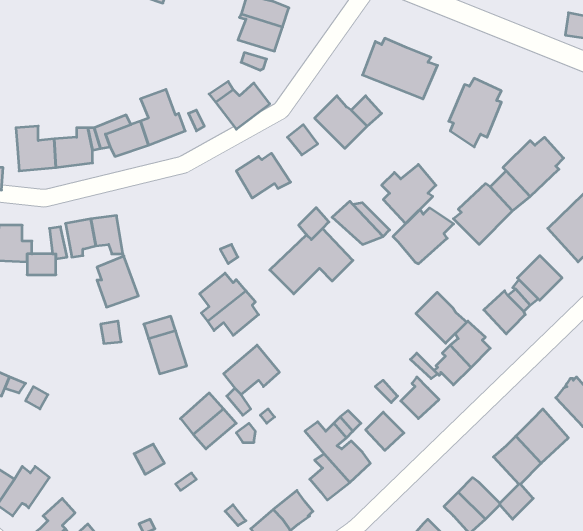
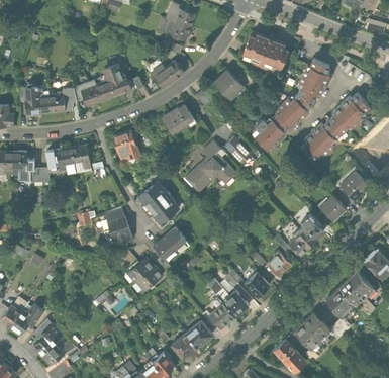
building: [393,208,454,264] -> [275,92,313,127]
building: [97,256,138,307] -> [114,132,140,165]
building: [416,292,467,343] -> none

